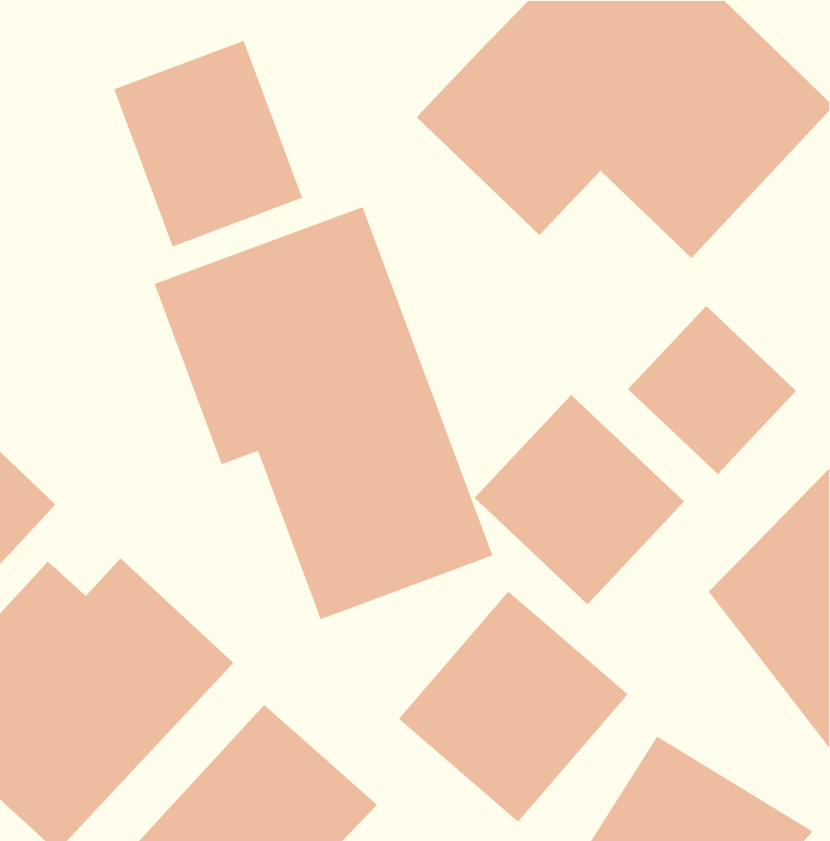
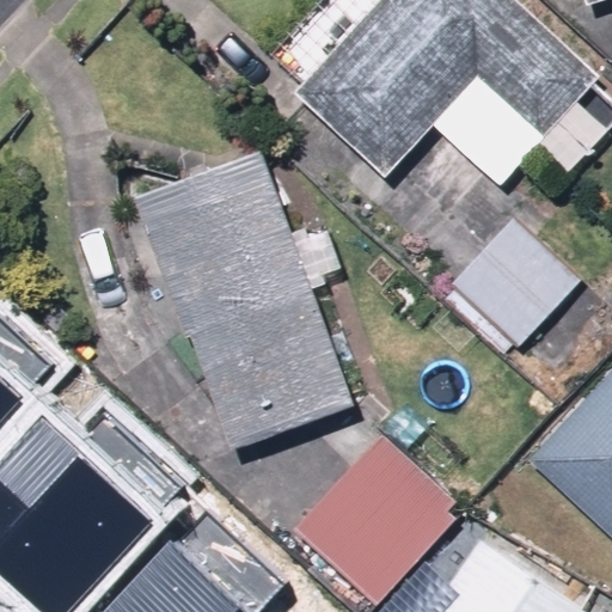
building: [113,40,303,247] -> none
building: [474,394,685,605] -> none

